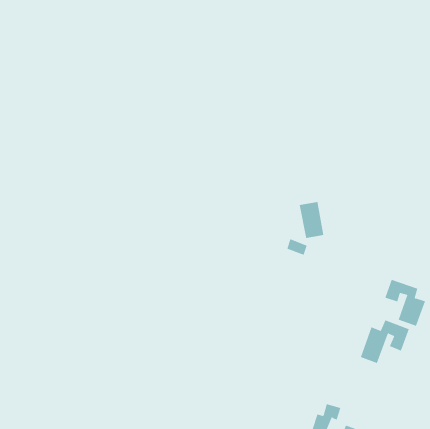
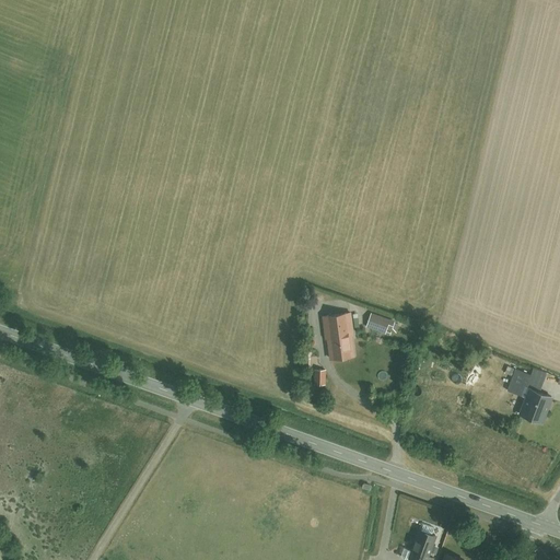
building: [299,201,324,239] -> [322,314,354,362]
building: [360,319,409,364] -> none

